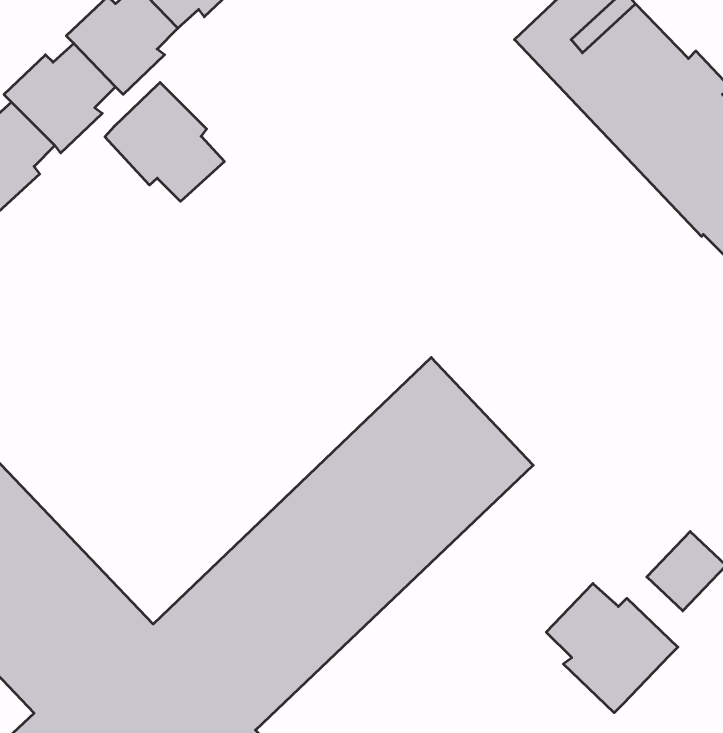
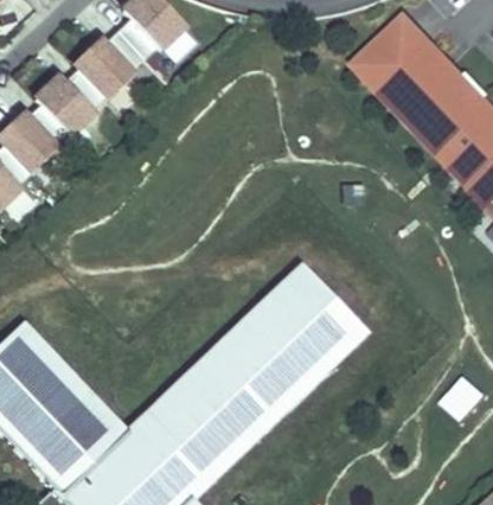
building: [105,82,224,201] -> none
building: [546,583,678,713] -> none

